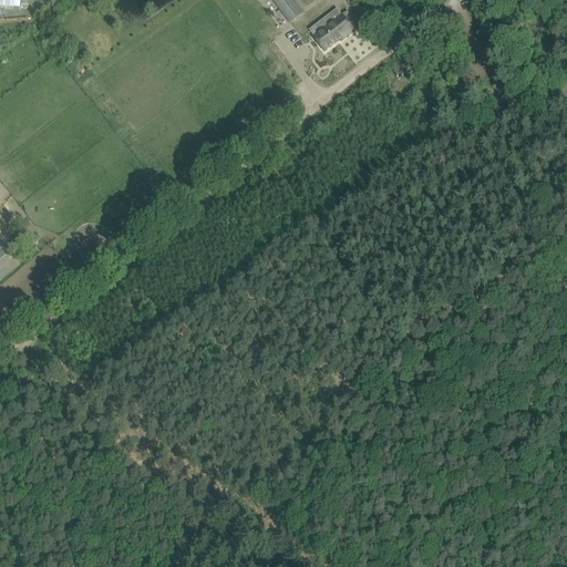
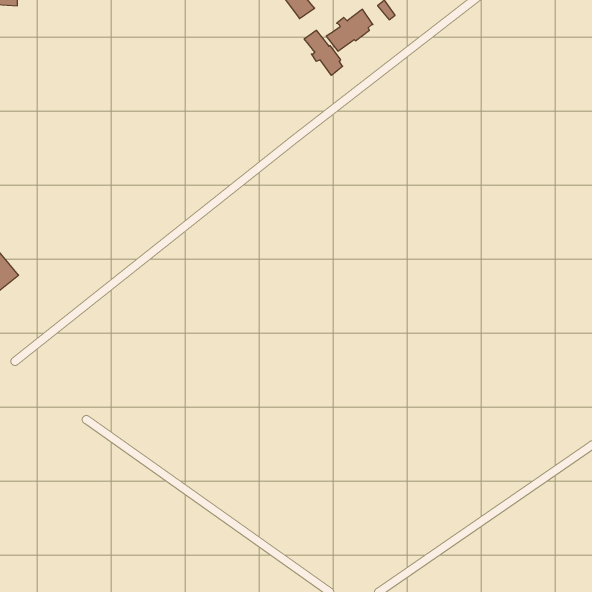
building: none -> [304,30,343,75]

